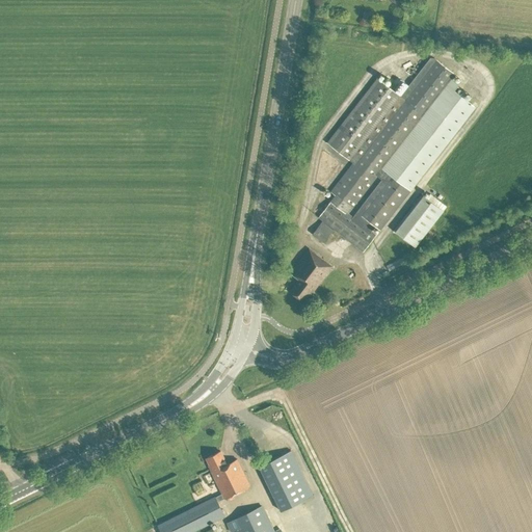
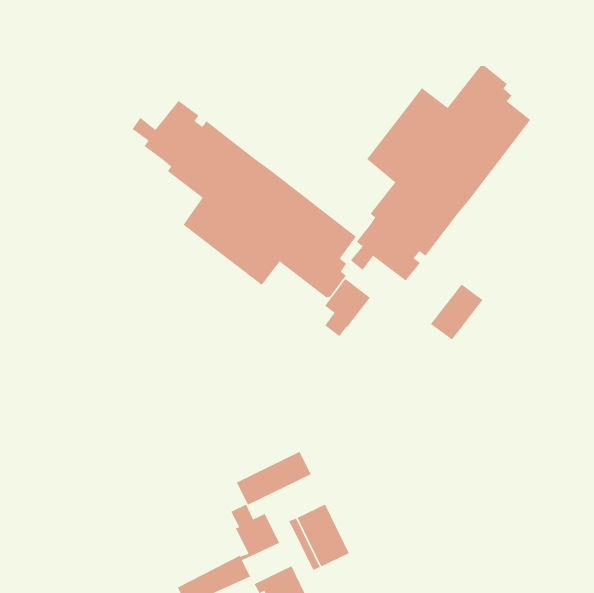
building: none -> [131,100,357,298]
building: [396,196,444,247] -> [430,284,483,340]
building: none -> [236,451,312,506]

